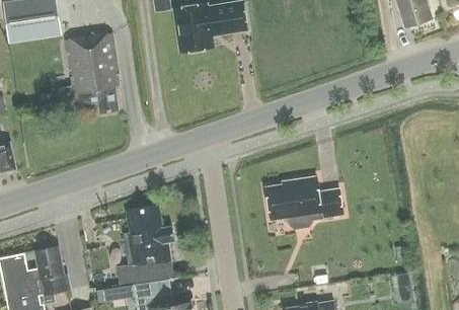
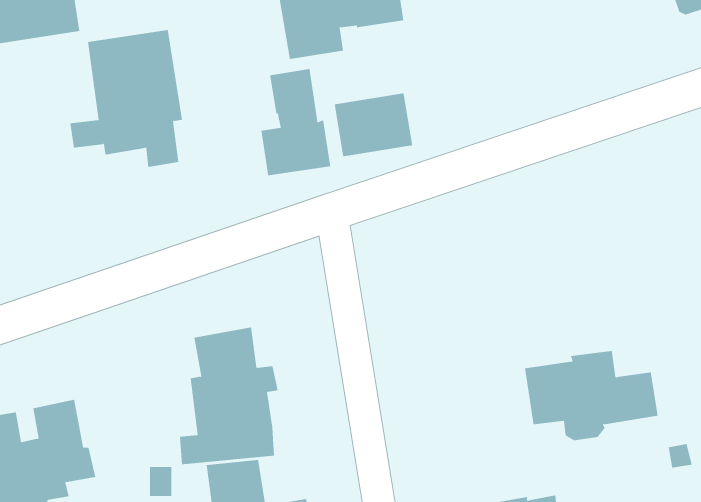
building: none -> [261,68,331,176]
building: none -> [334,92,413,157]
building: [265,177,342,229] -> [524,350,659,441]

